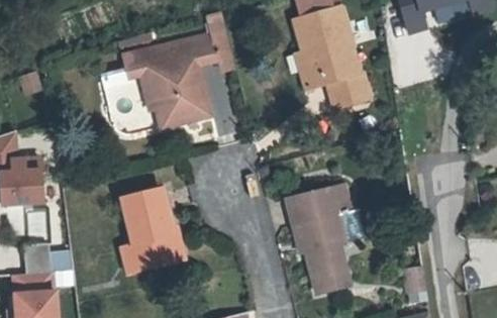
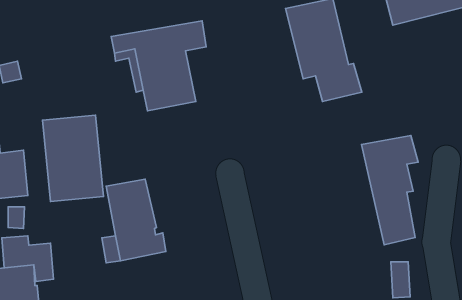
building: none -> [43,115,104,202]
building: [292,189,347,296] -> [361,135,418,245]

